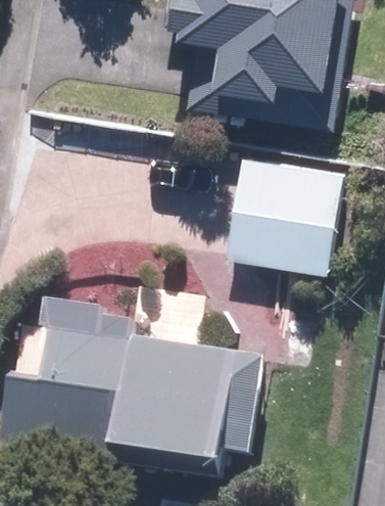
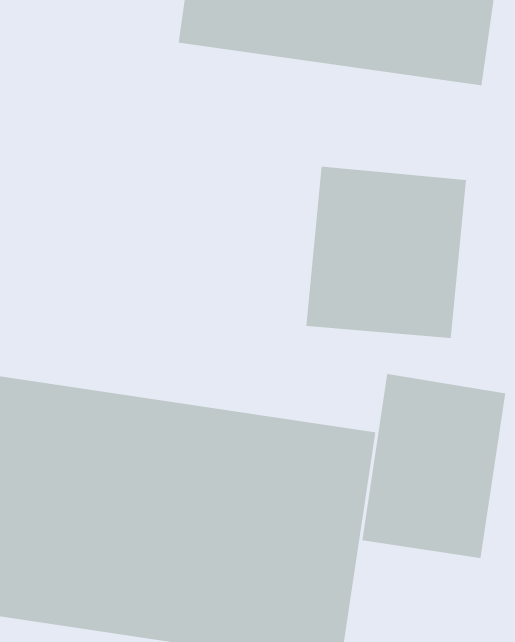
building: none -> [362,373,506,559]

